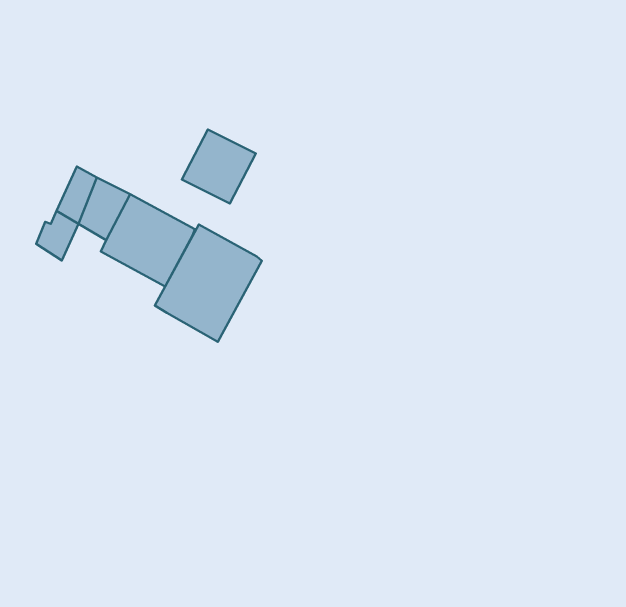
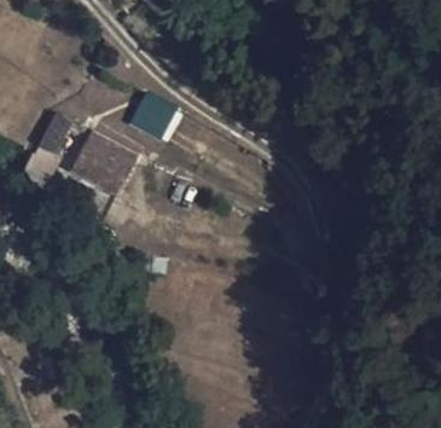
building: [155,225,262,342] -> none

